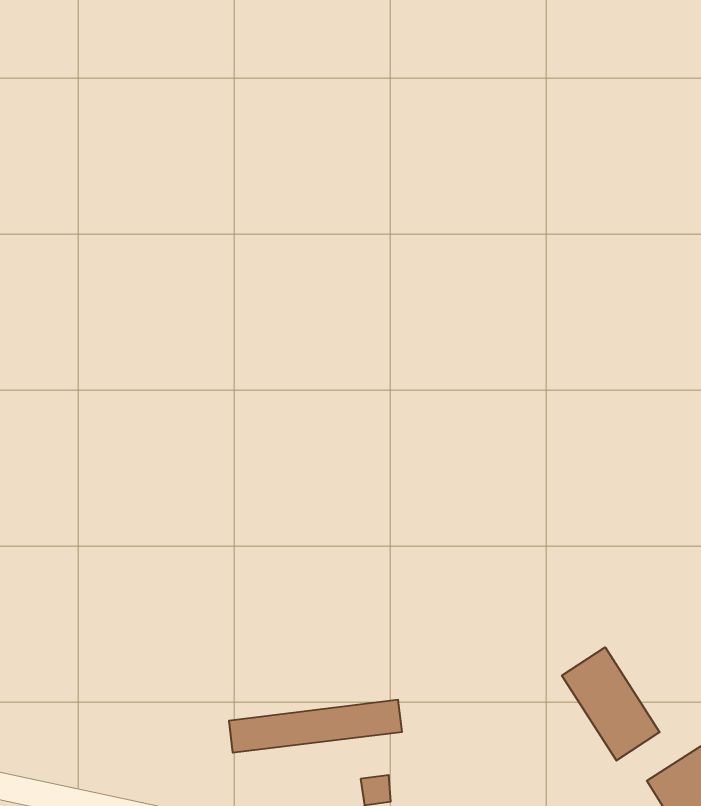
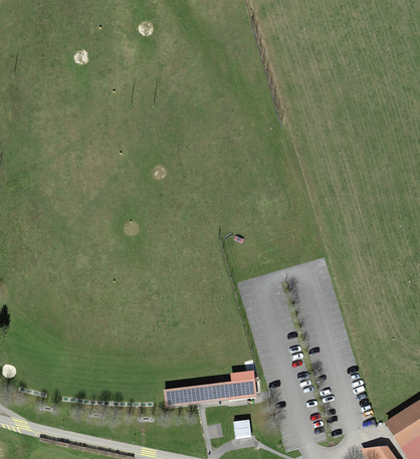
building: [562,647,660,761] -> none

